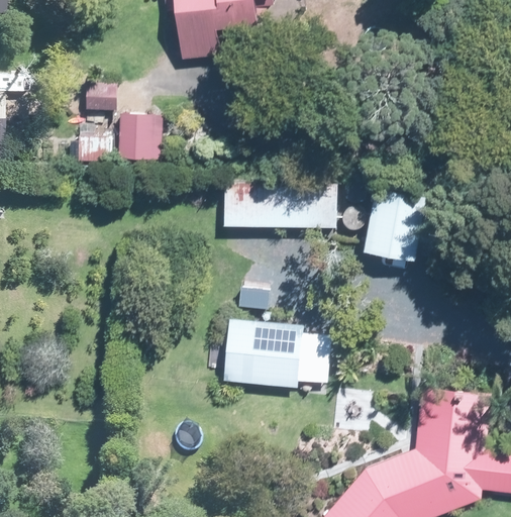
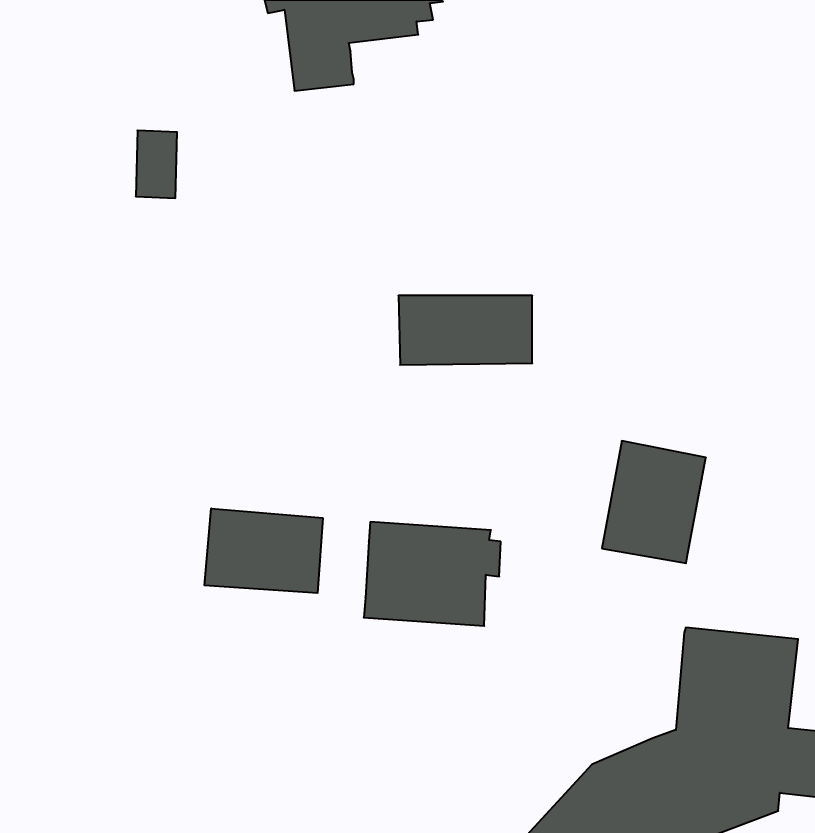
building: [116,116,159,160] -> none
building: [365,186,428,261] -> [602,441,706,563]
building: none -> [205,508,323,593]

